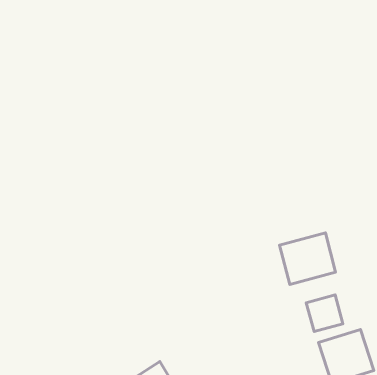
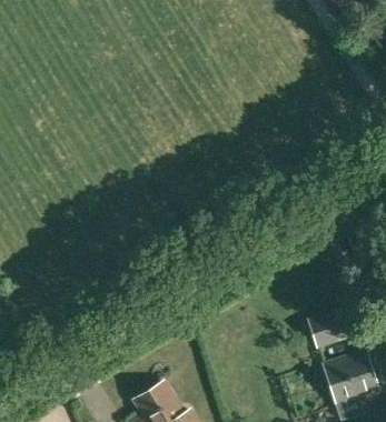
building: [280,233,336,284] -> none

